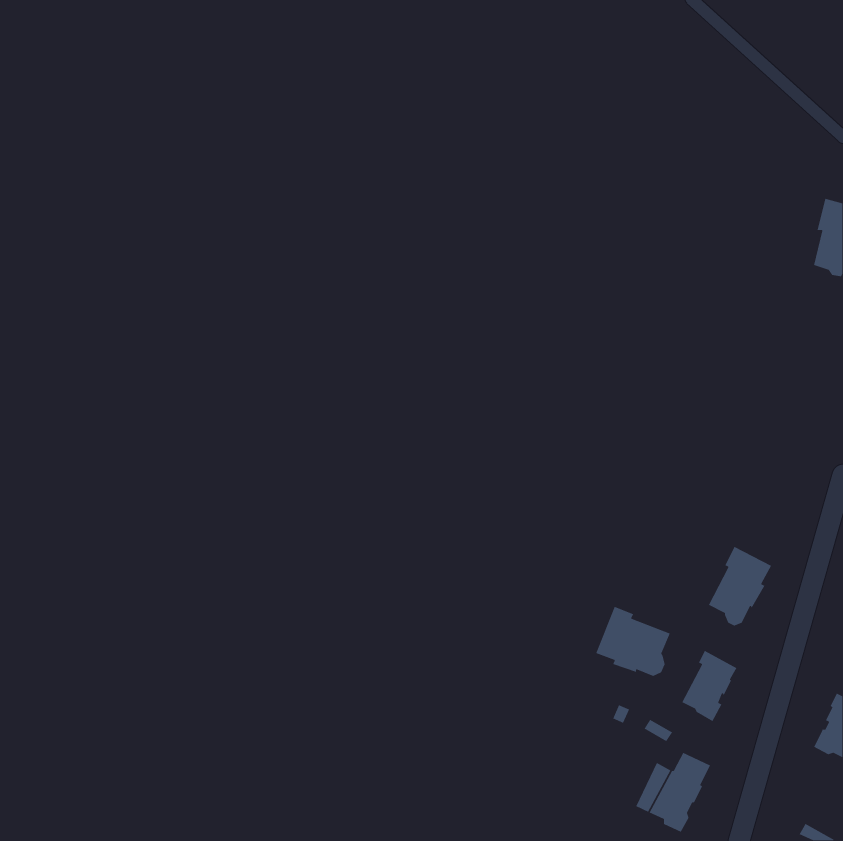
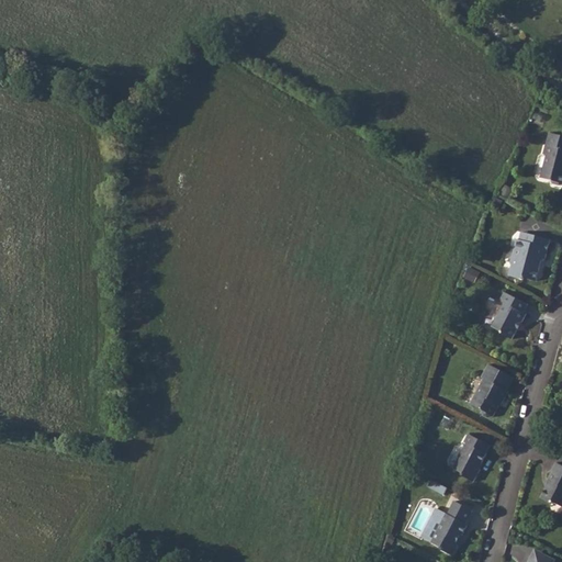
building: none -> [509,231,550,280]
building: none -> [493,290,528,338]
building: [595,606,671,677] -> none

